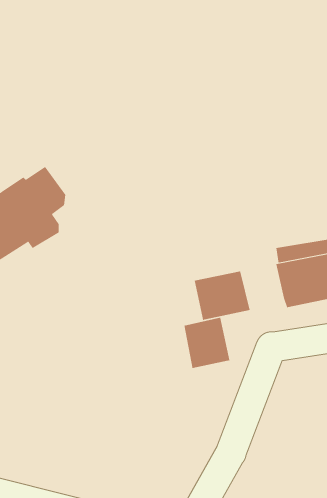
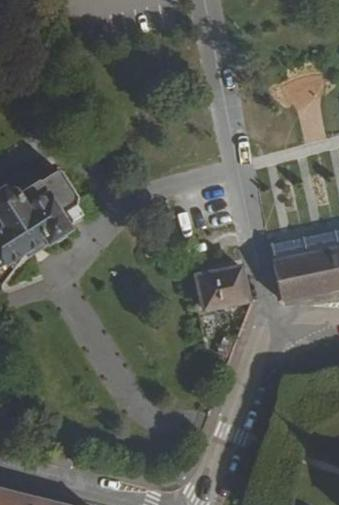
building: [184,317,230,369] -> none

